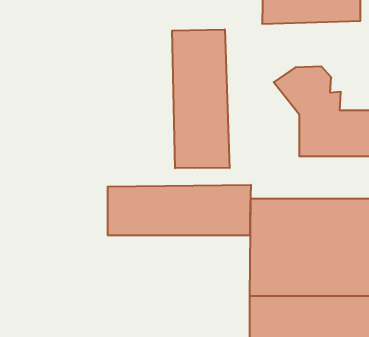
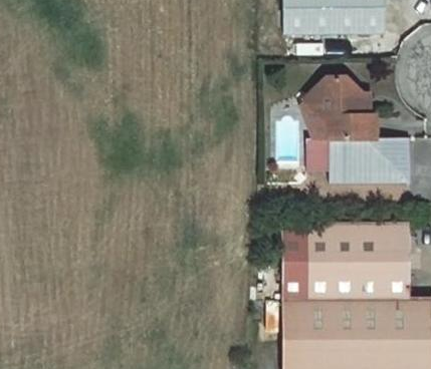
building: [172,29,230,168] -> none
building: [108,185,251,235] -> none

